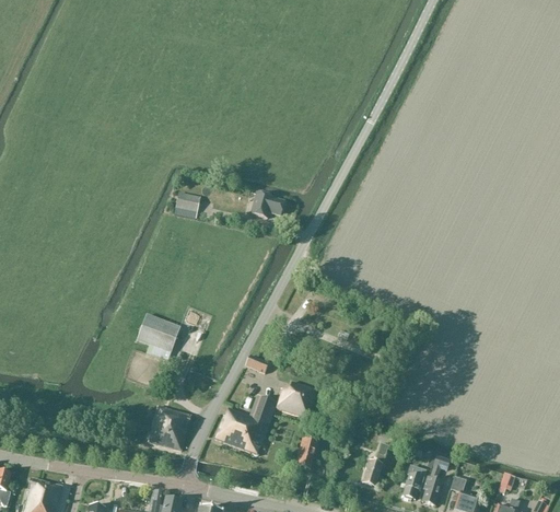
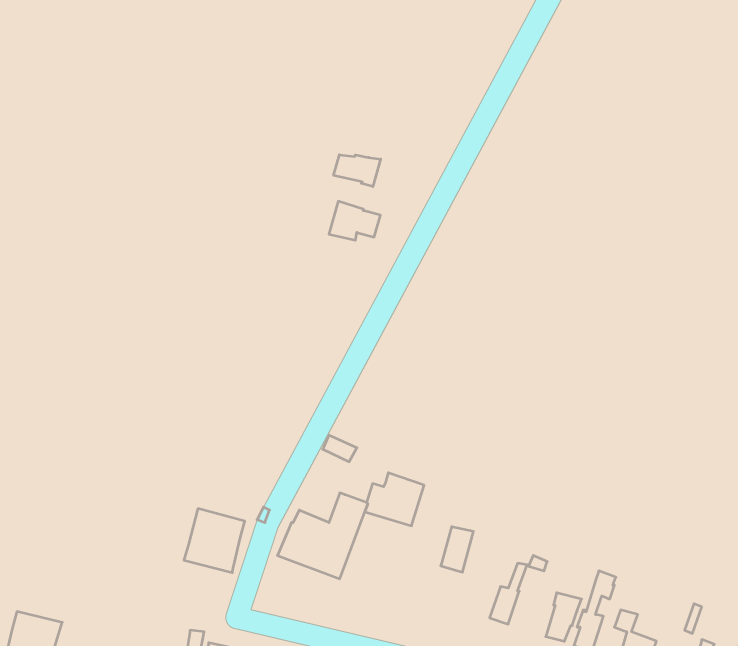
building: none -> [334,155,381,187]
building: [174,195,199,218] -> none
building: [137,314,179,360] -> none
building: [294,438,317,469] -> [441,527,473,572]

